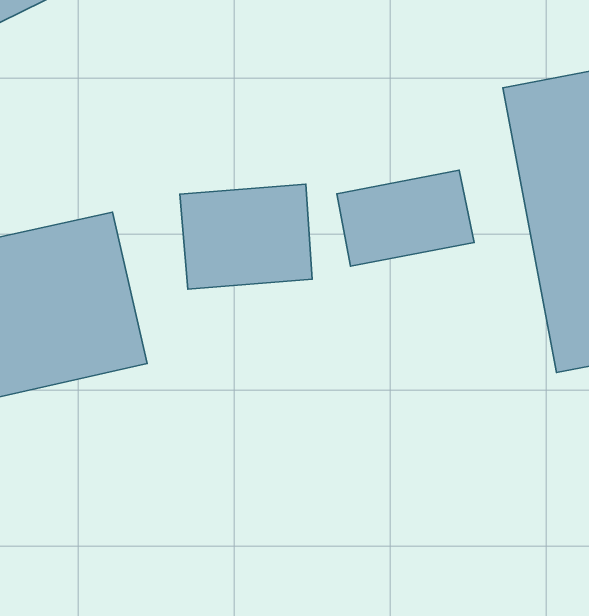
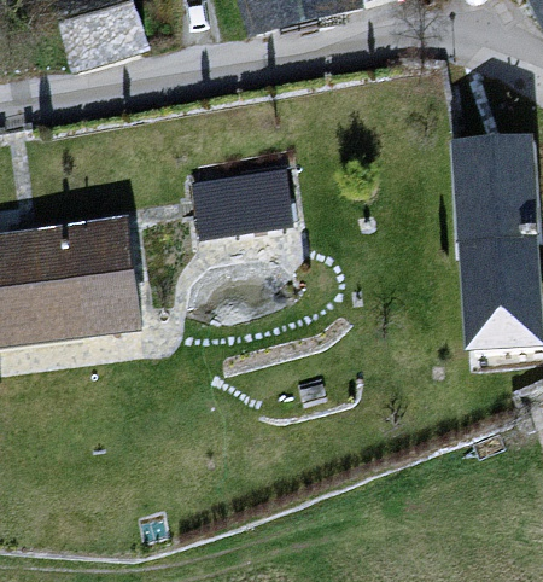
building: [337,170,474,266] -> none

